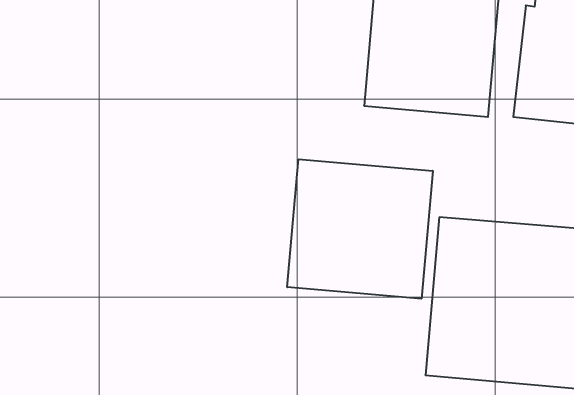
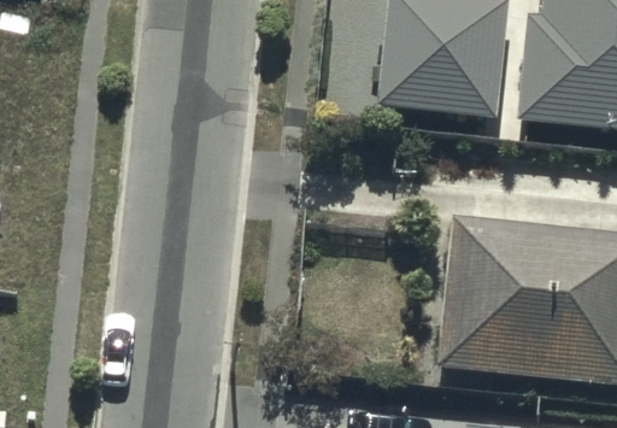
building: [287,159,433,299] -> none

